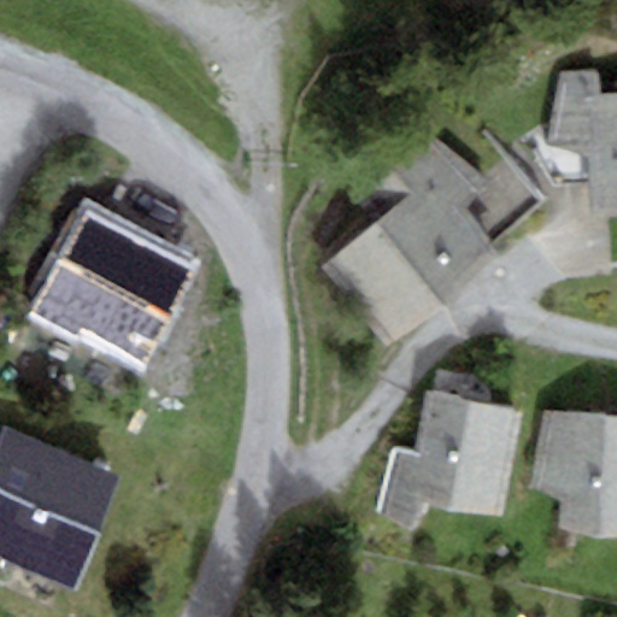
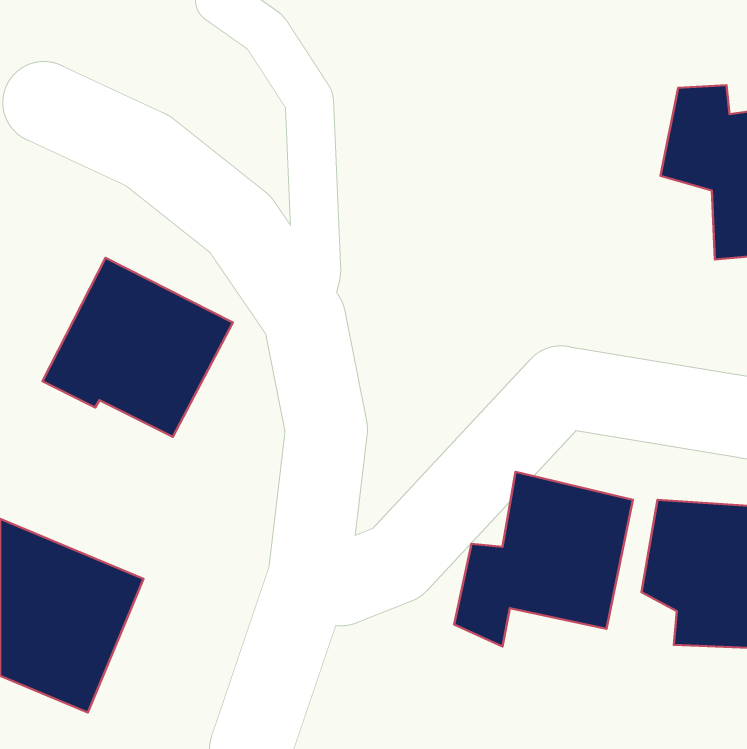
building: [318,131,501,349] -> none

